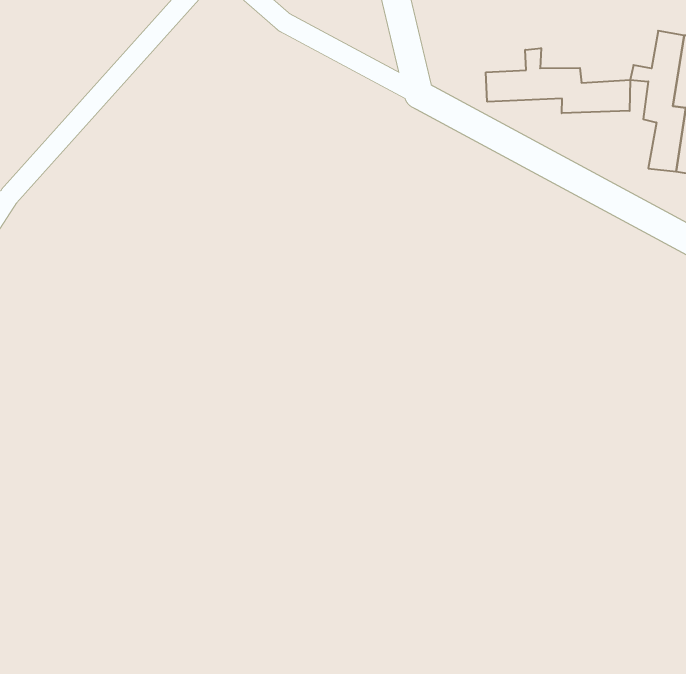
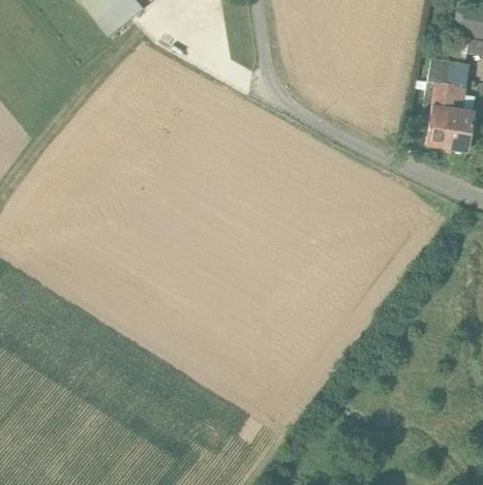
building: [486,48,630,113] -> none

